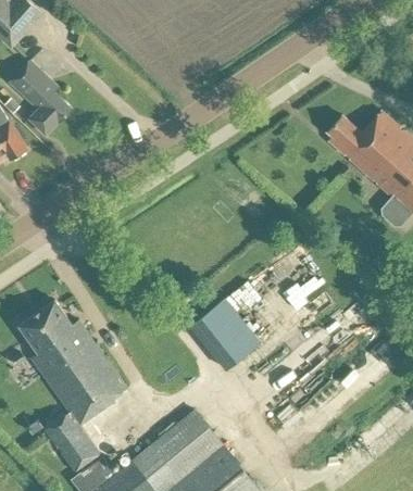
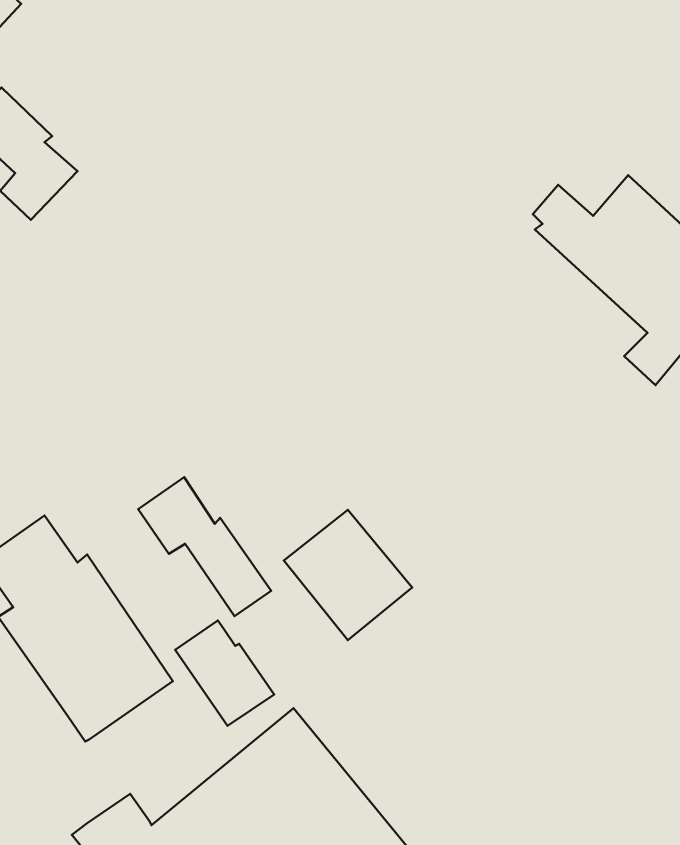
building: none -> [138,477,271,616]
building: [45,413,100,471] -> [175,621,274,726]

